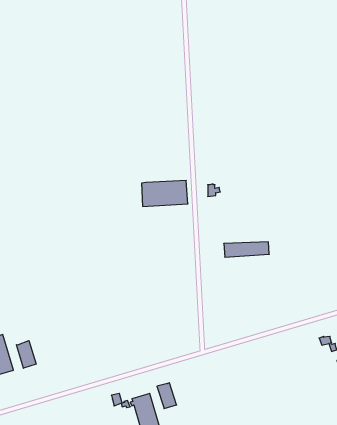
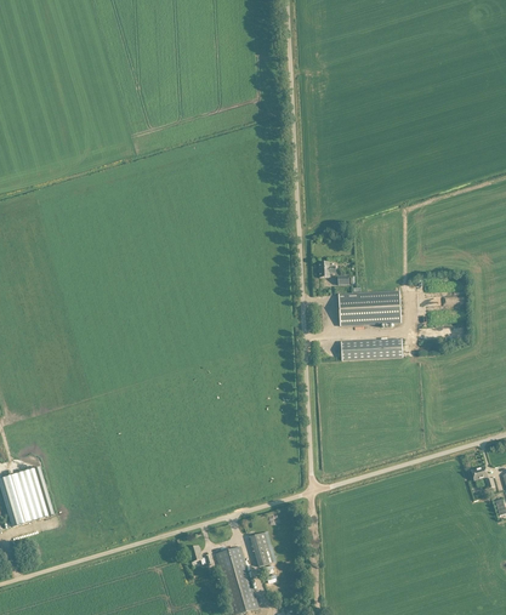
building: [142,181,188,206] -> [337,290,400,325]
building: [16,341,36,368] -> none

